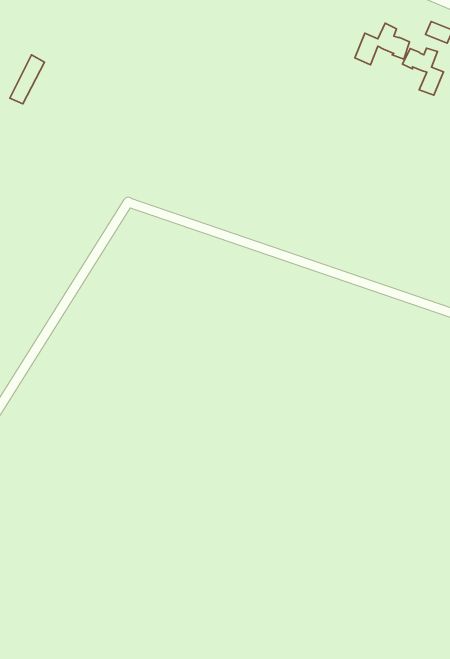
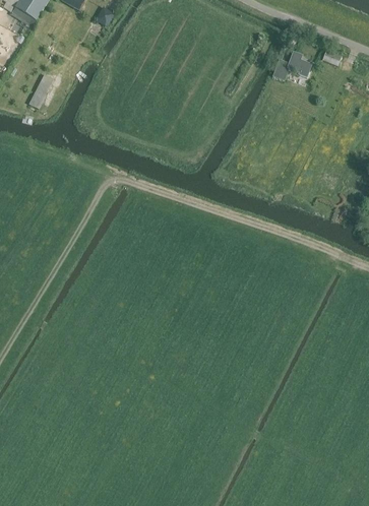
building: [402,48,443,95] -> none

